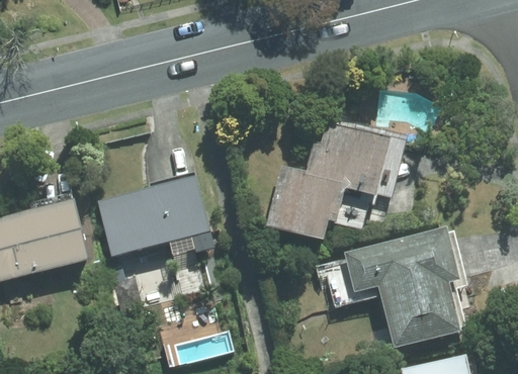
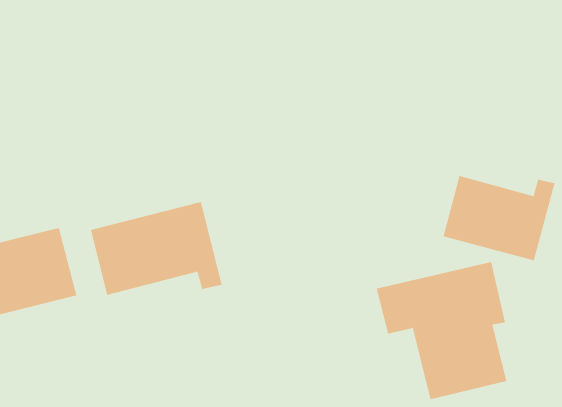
building: [266,122,387,241] -> none
building: none -> [443,175,555,261]

